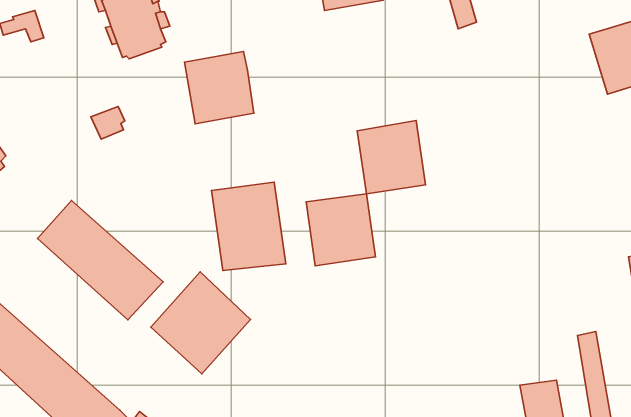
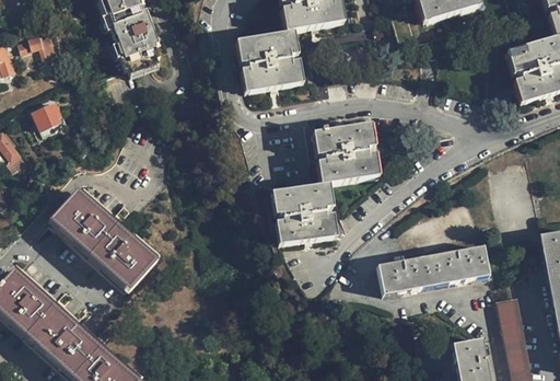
building: [185,52,254,124] -> [241,30,299,90]
building: [91,106,125,139] -> [35,99,63,126]
building: [211,182,286,270] -> none
building: none -> [377,244,490,296]
building: [151,272,250,374] -> none

